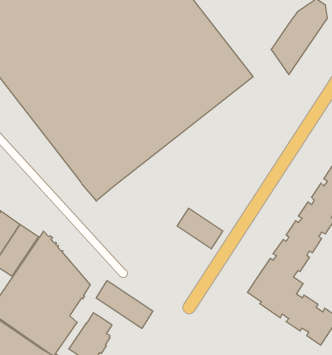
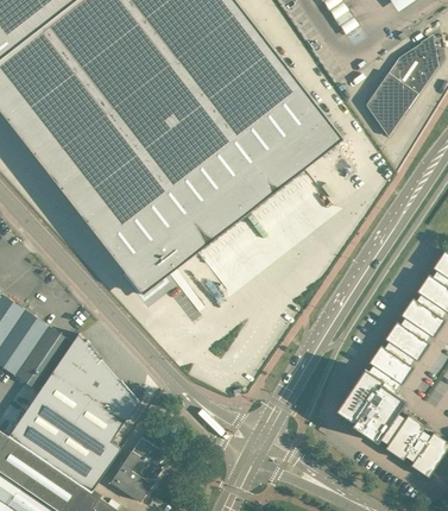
building: [177,208,223,249] -> none
building: [96,281,153,328] -> none

